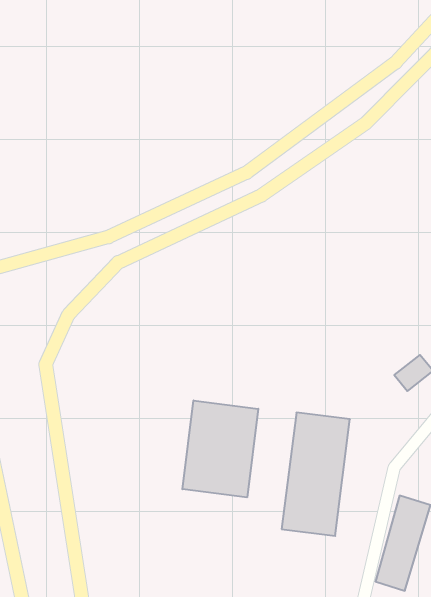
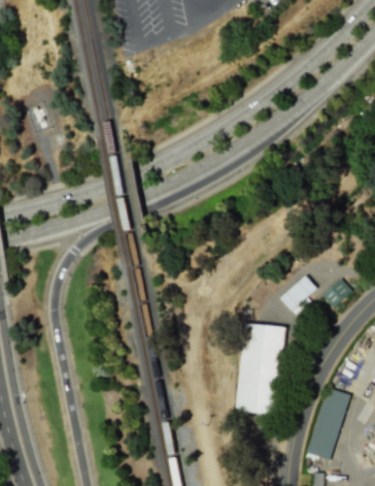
building: none -> [279,278,315,310]
building: [182,400,258,497] -> none

